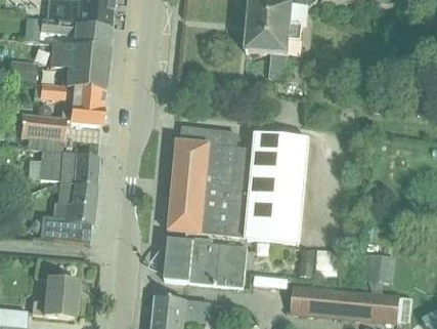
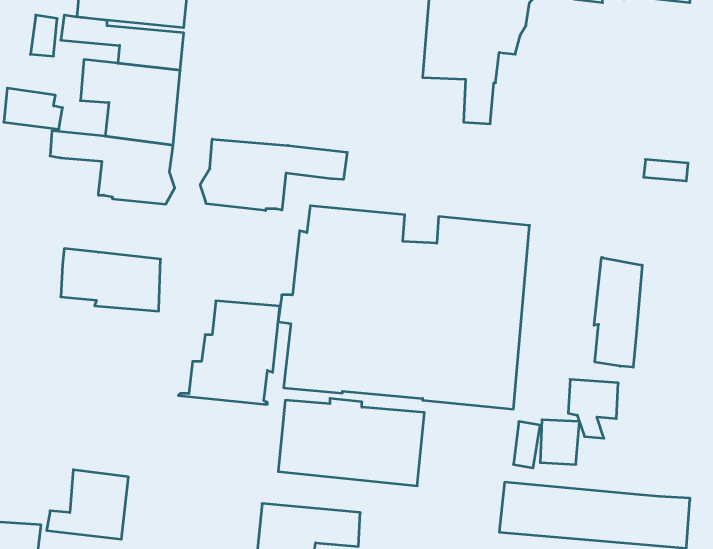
building: none -> [200,139,347,211]
building: [18,114,64,139] -> none
building: none -> [594,257,642,367]
building: [38,182,96,242] -> [178,301,280,404]
building: [363,258,392,292] -> [568,379,618,438]

